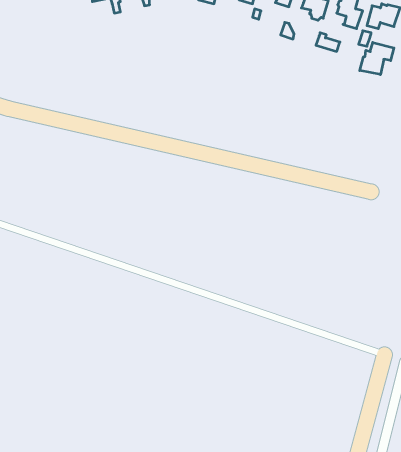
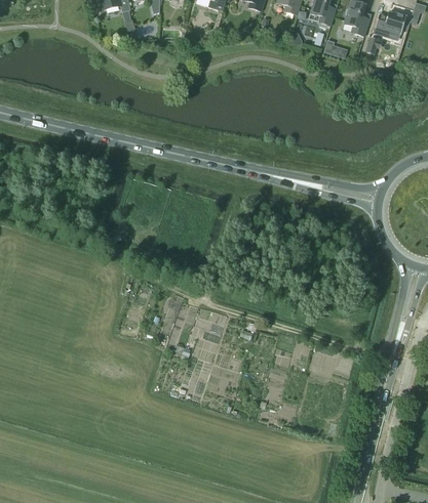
building: [360,42,394,75] -> none

